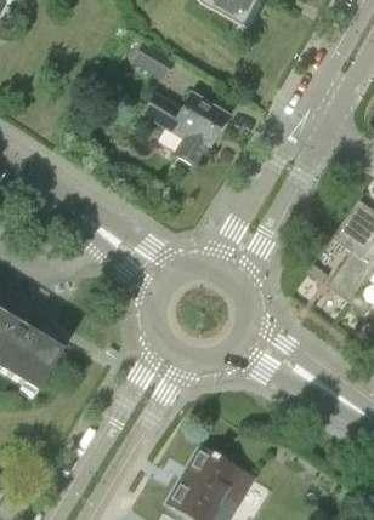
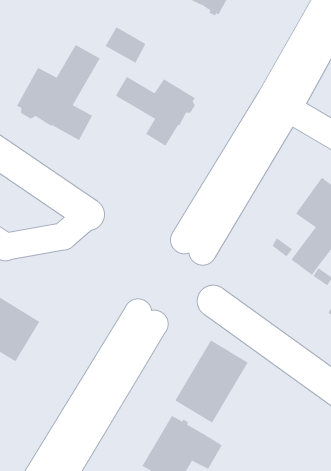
building: none -> [16,44,101,141]
building: none -> [174,339,249,424]

